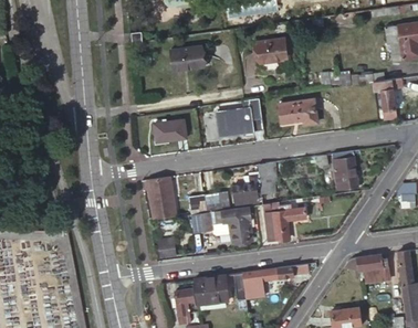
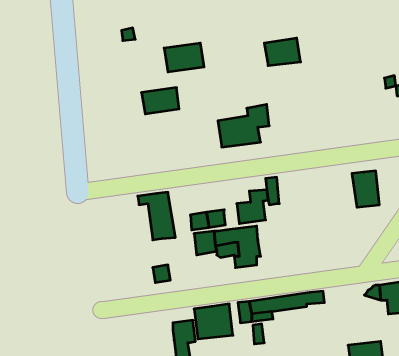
building: [279,99,317,125] -> none
building: [153,120,186,144] -> [141,88,179,114]
building: [263,202,306,241] -> none

